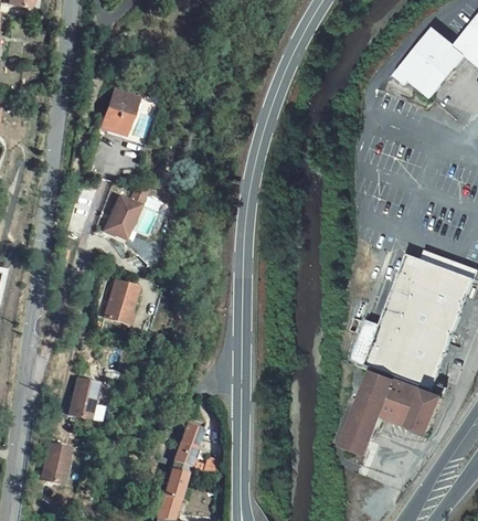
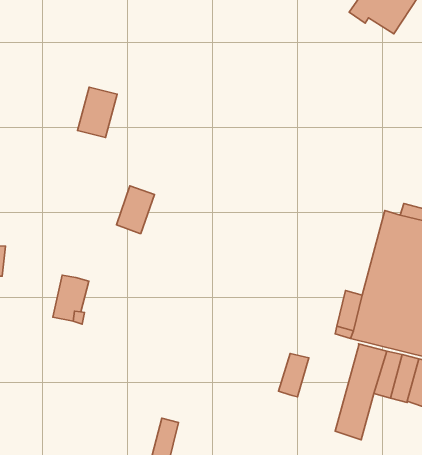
building: [100,89,139,136] -> [77,87,117,138]
building: [106,196,142,240] -> [116,186,154,234]
building: none -> [279,354,309,397]
building: [68,378,104,421] -> none

